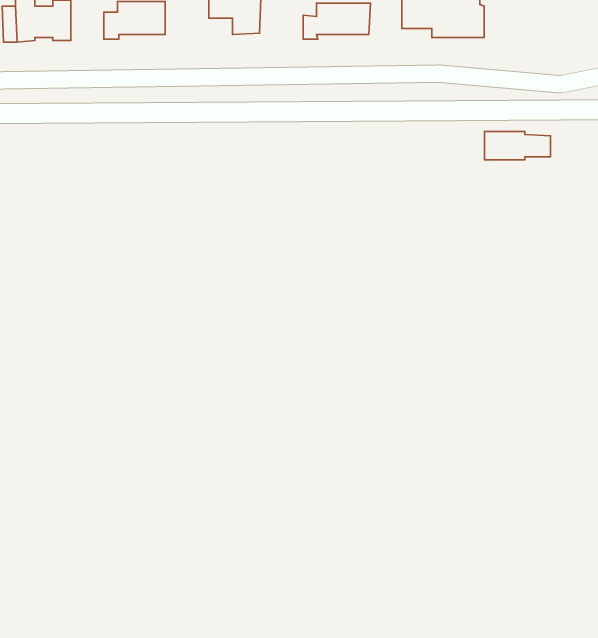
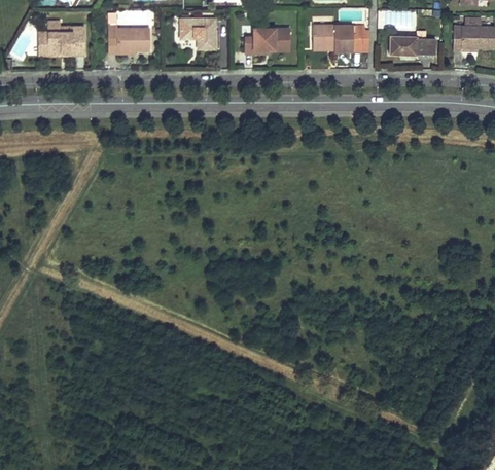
building: [485,131,550,160] -> [389,37,434,57]

